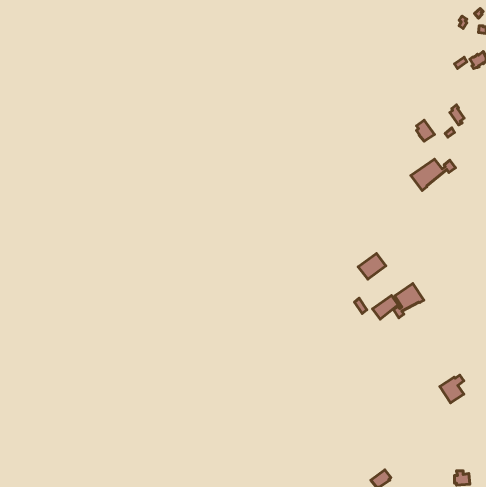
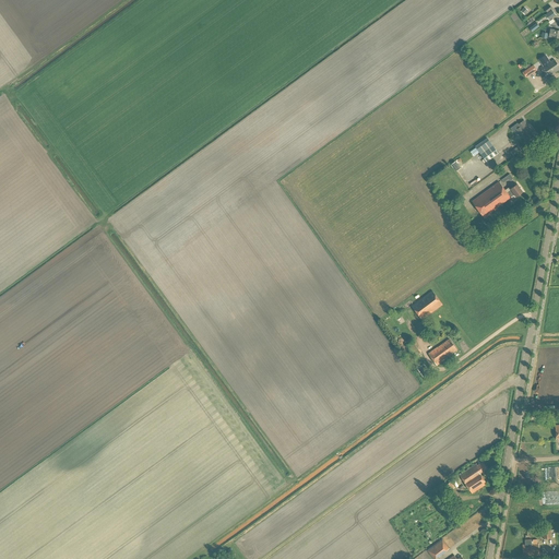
building: [393,283,424,318] -> none
building: [440,375,464,403] -> [459,462,486,493]

